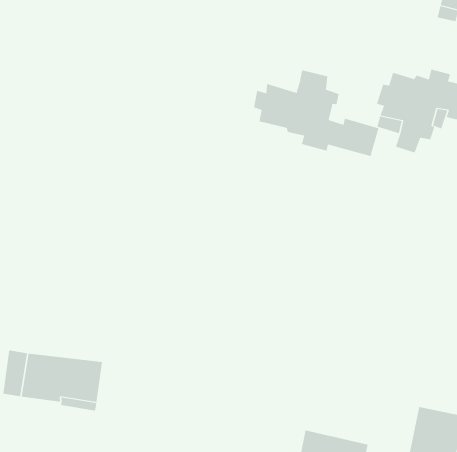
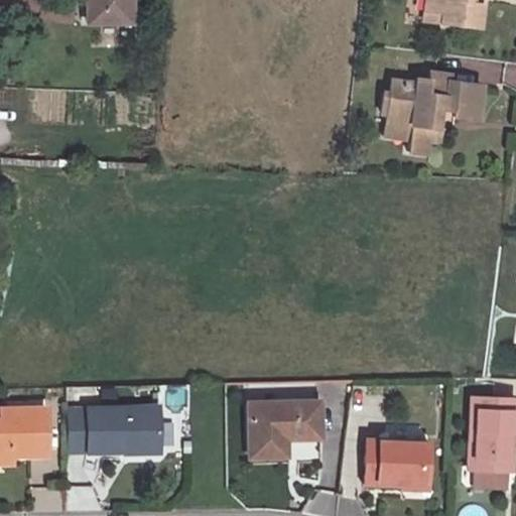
building: [253,70,379,157] -> none
building: none -> [251,401,321,456]

